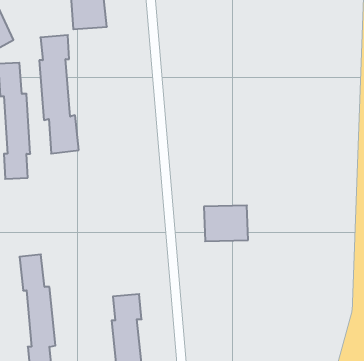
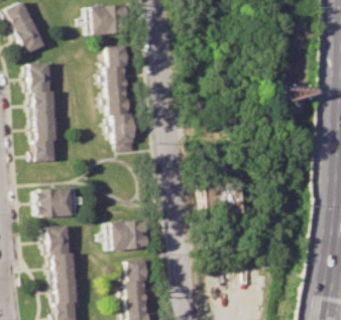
building: [39,35,79,154] -> [104,44,137,144]
building: none -> [34,187,71,216]
building: none -> [109,219,146,251]

